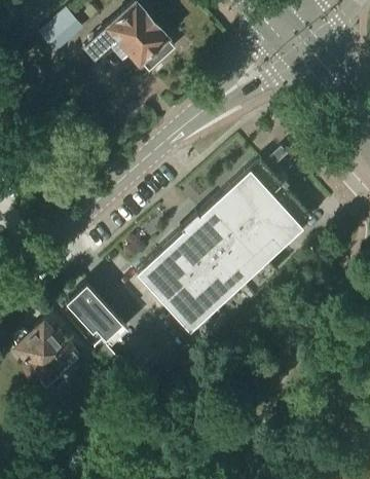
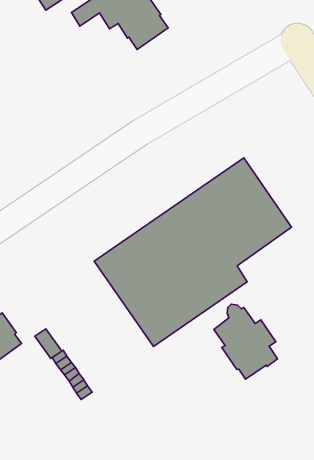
building: [69,286,121,340] -> none
building: none -> [214,304,277,379]

